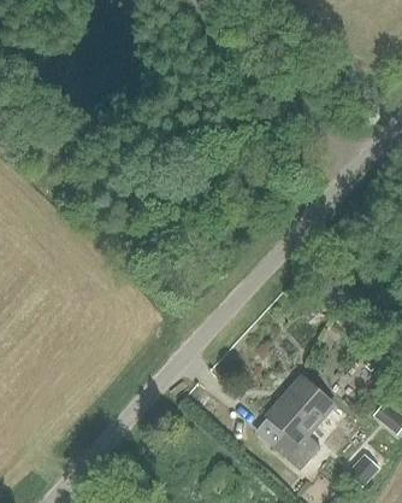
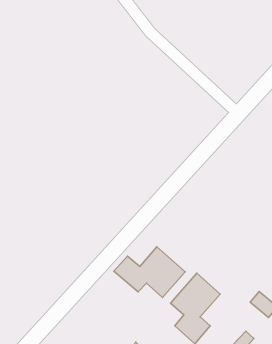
building: none -> [114,247,185,297]

